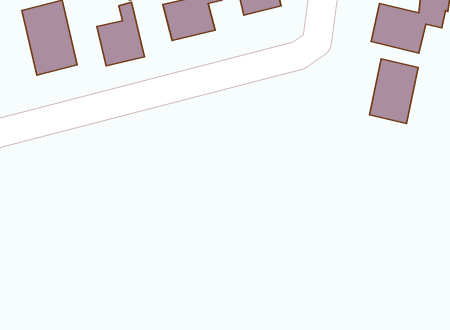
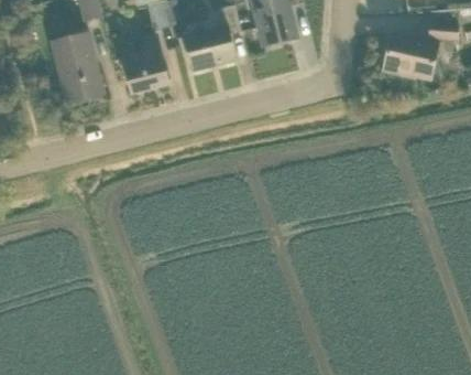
building: [369,59,418,123] -> none

